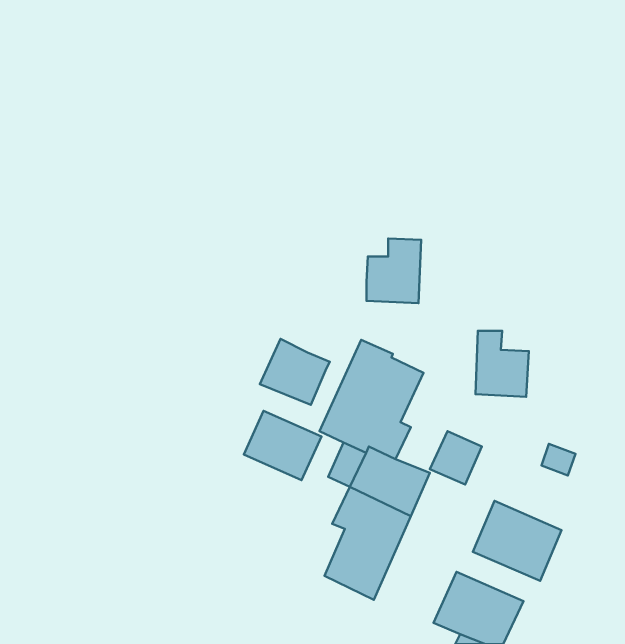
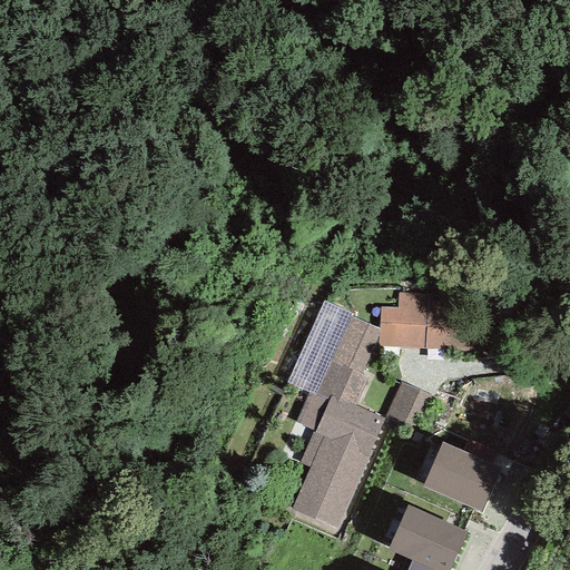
building: [367,239,421,303] -> [380,292,428,348]
building: [260,339,330,405] -> none
building: [244,411,321,480] -> none

